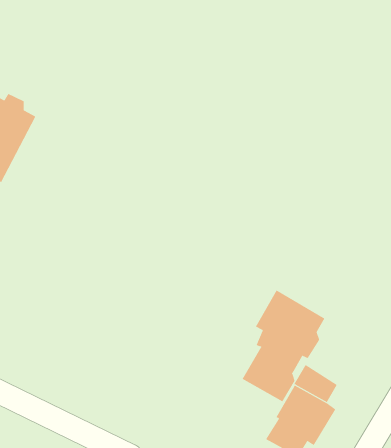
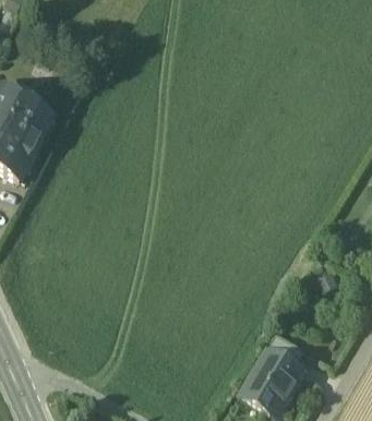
building: [242,290,325,402] -> none

